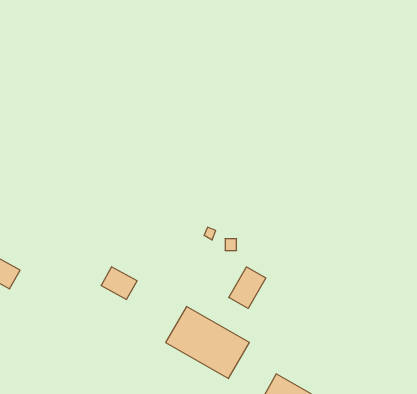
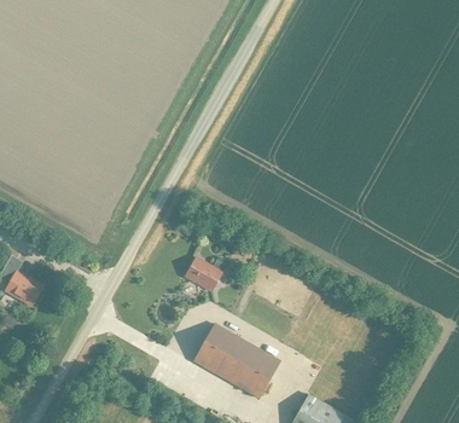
building: [101,267,137,299] -> [185,257,222,291]
building: [229,267,266,308] -> none

